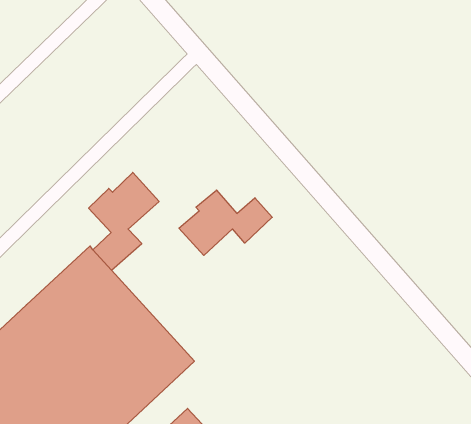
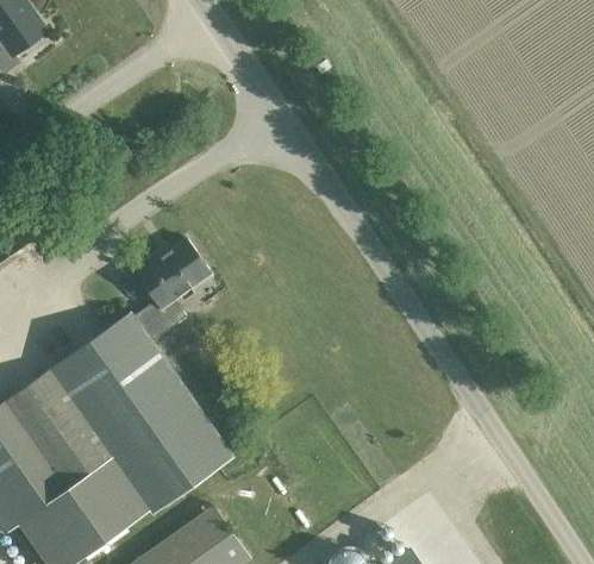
building: [179,190,272,255] -> none

